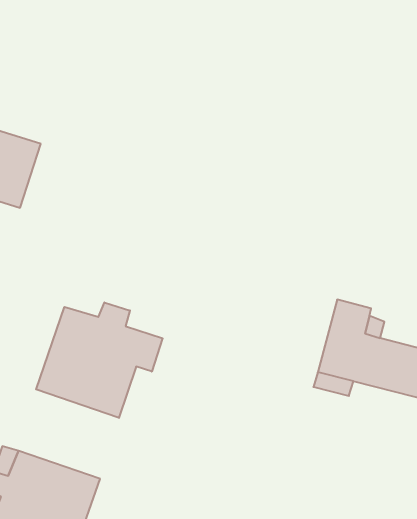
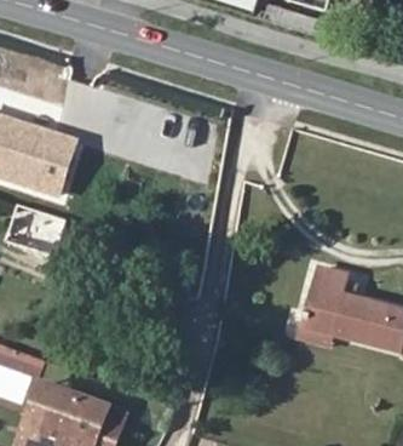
building: [36,302,163,418] -> none

